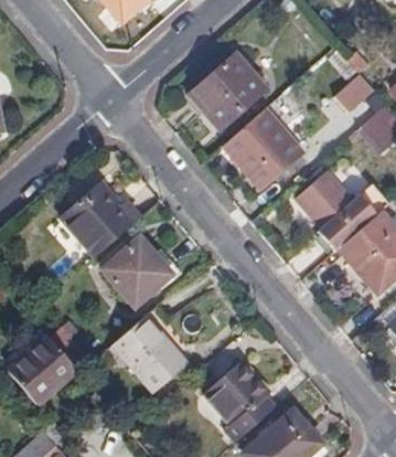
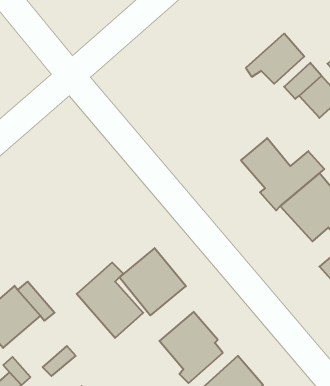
building: [190,53,268,126] -> none
building: [223,113,301,191] -> none
building: [61,183,136,258] -> none
building: [99,232,172,306] -> [119,248,186,315]

